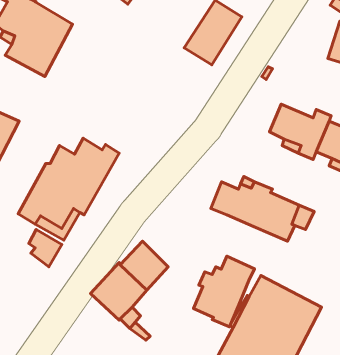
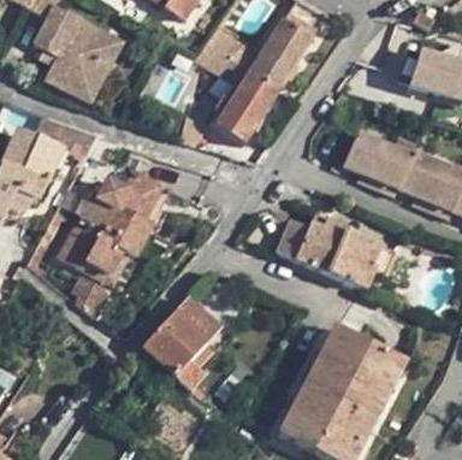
building: none -> [207,69,279,151]
building: [194,256,254,327] -> none

